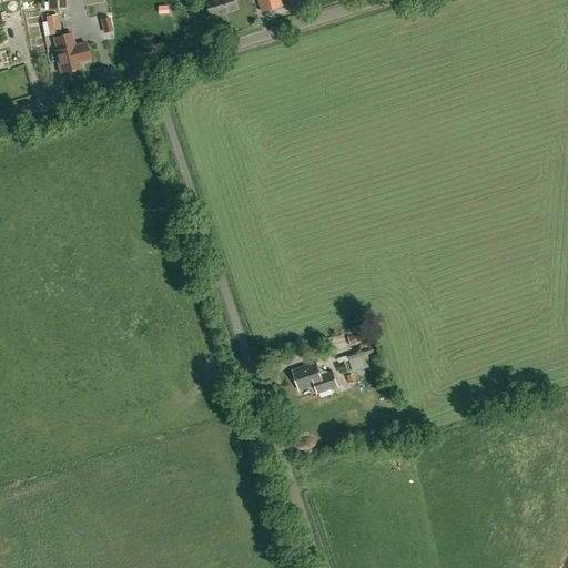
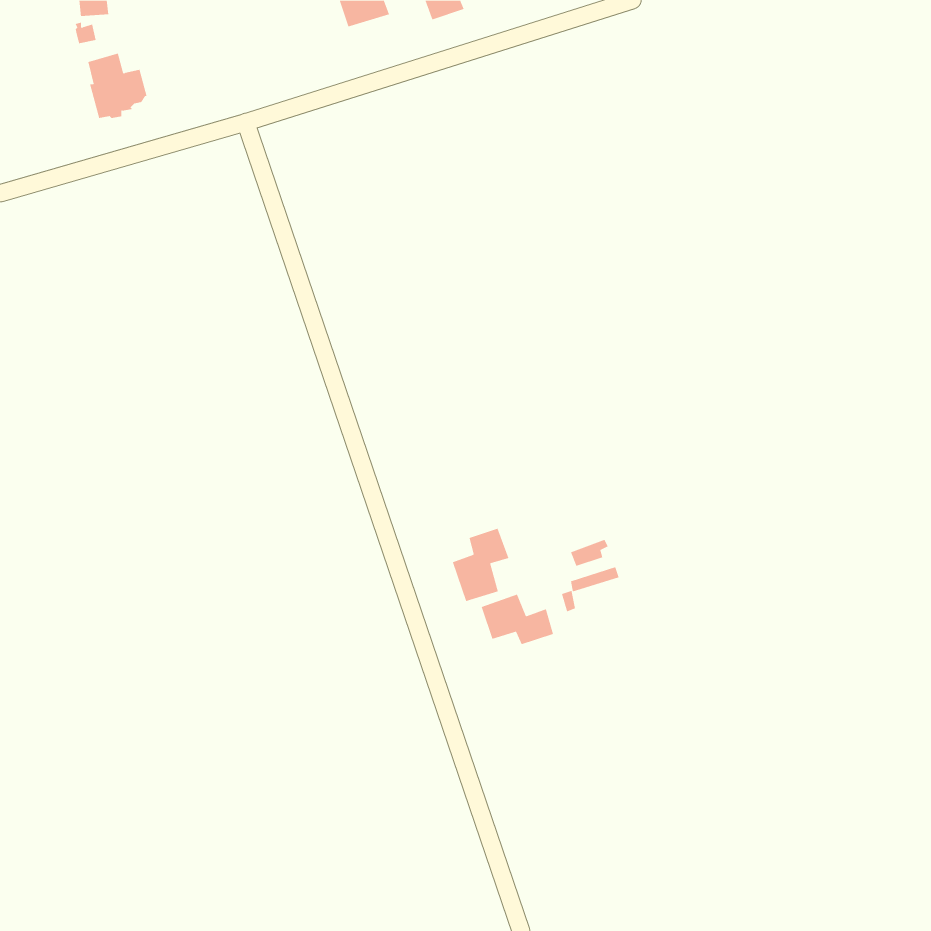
building: none -> [452,528,509,602]

